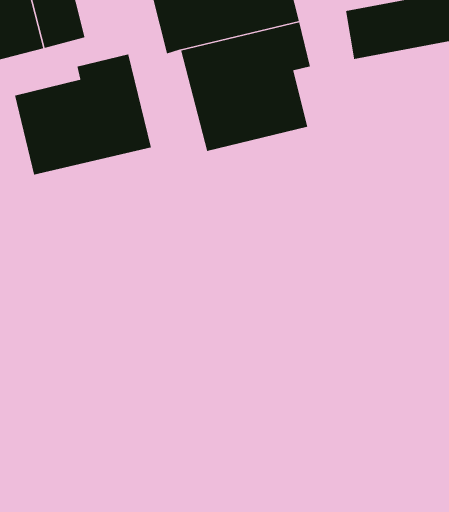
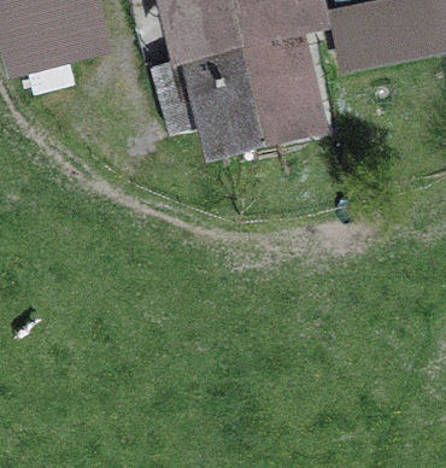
building: [14,53,152,175] -> none

